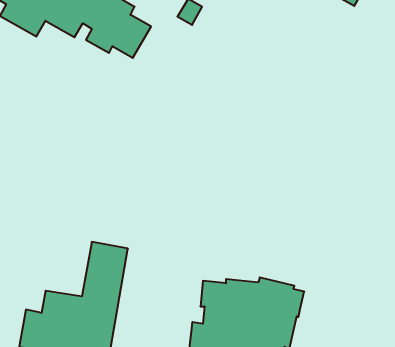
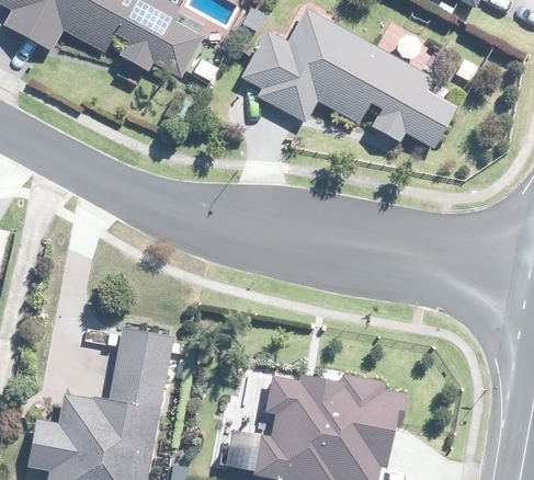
building: none -> [240,11,464,150]

